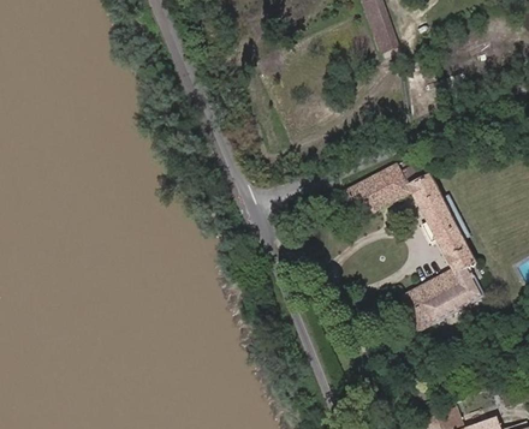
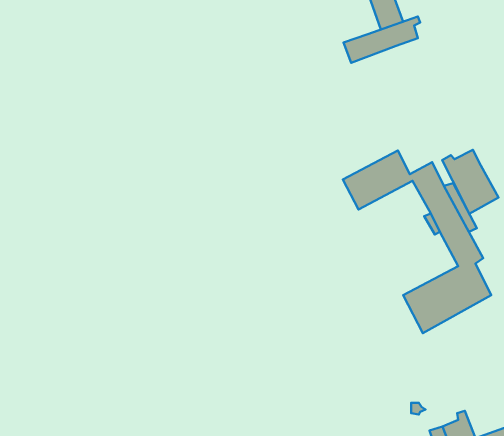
building: none -> [344,17,420,63]
building: none -> [442,150,499,214]

